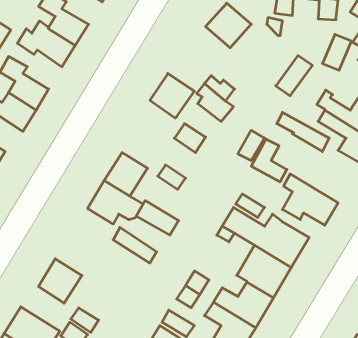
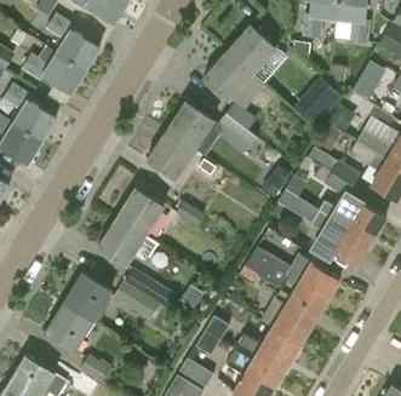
building: none -> [204,51,253,102]
building: none -> [147,131,194,179]
building: none -> [315,167,386,242]
building: [136,201,179,235] -> [114,282,160,320]
building: none -> [63,272,111,321]

